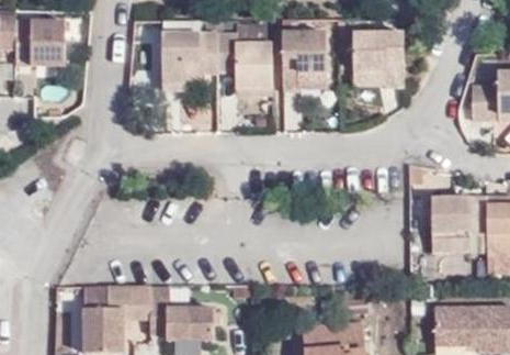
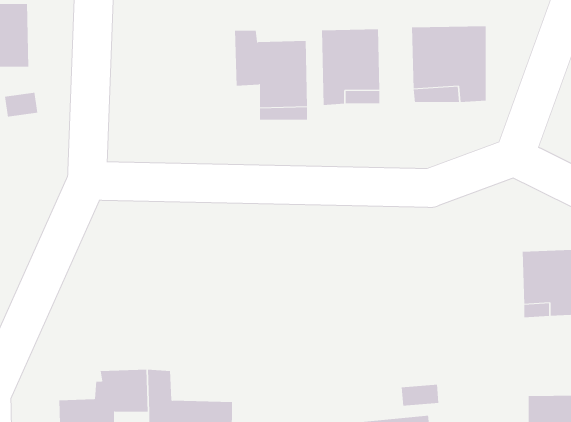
building: [156,34,217,85] -> none

